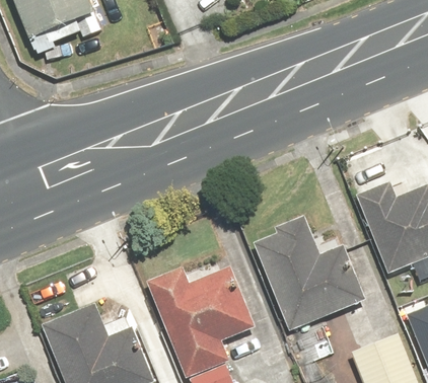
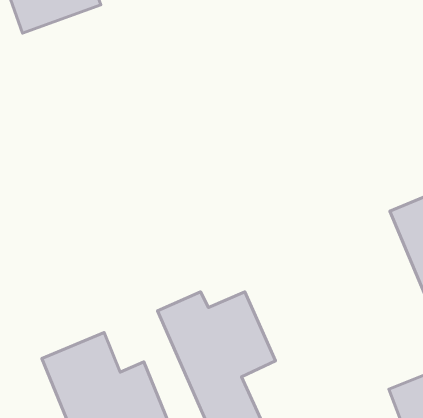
building: [249,217,364,331] -> none

